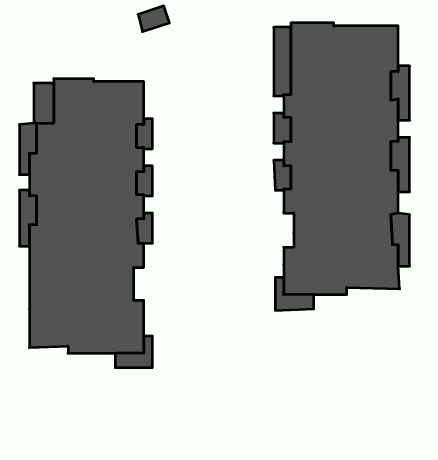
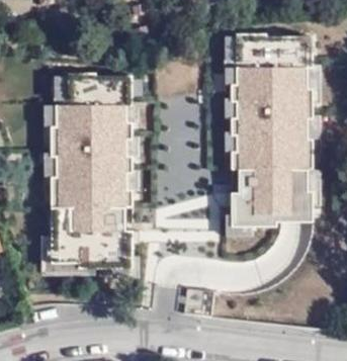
building: none -> [40,239,94,277]

